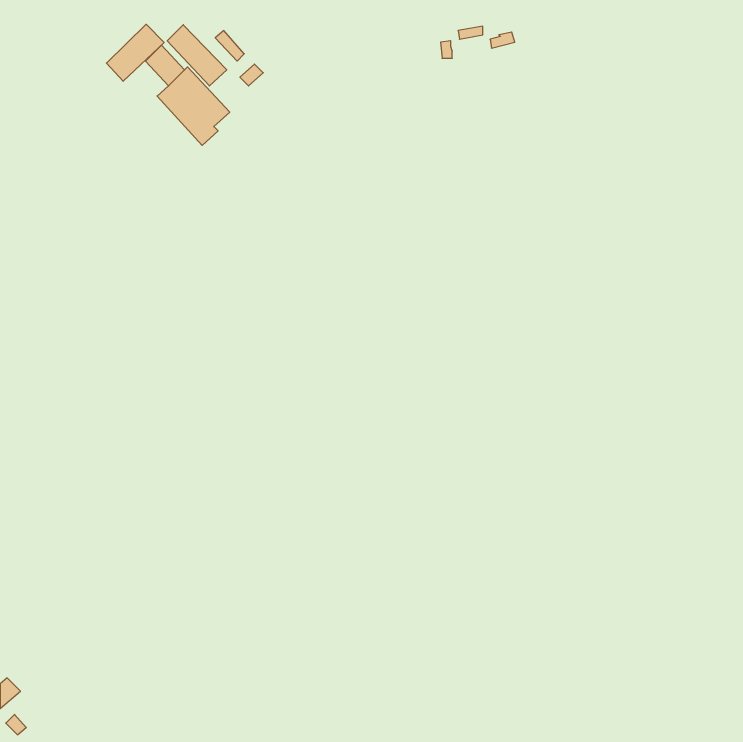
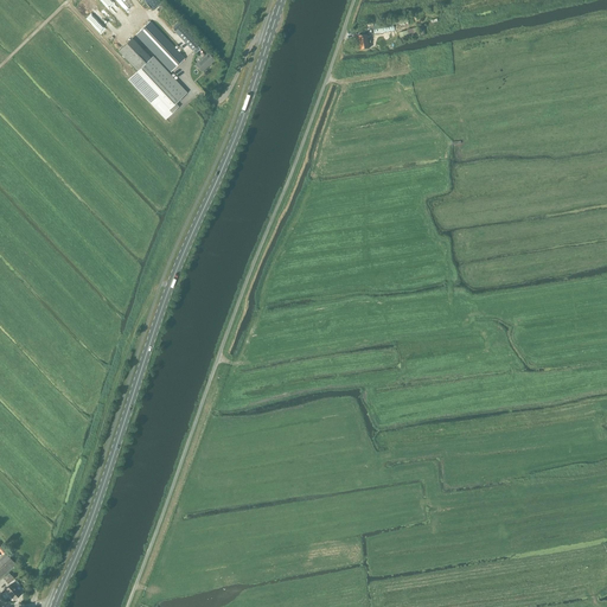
building: [106,24,164,81] -> none

